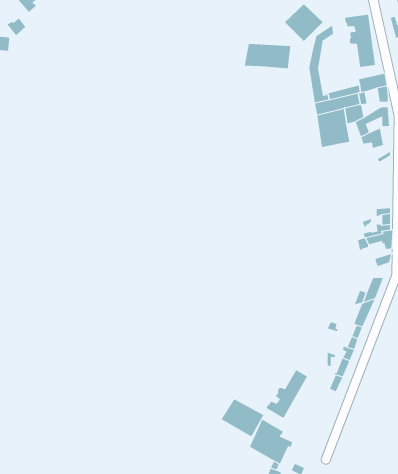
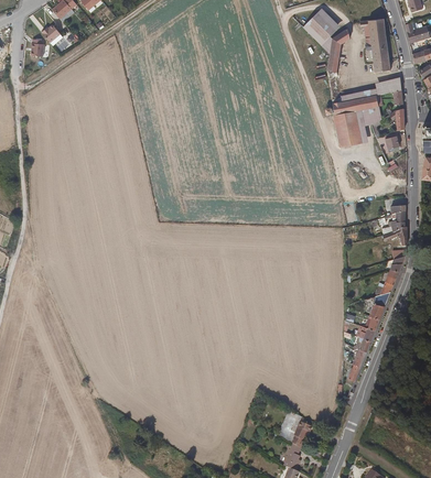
building: [244,43,291,69] -> none
building: [266,369,308,419] -> none
building: [221,398,264,437] -> none

